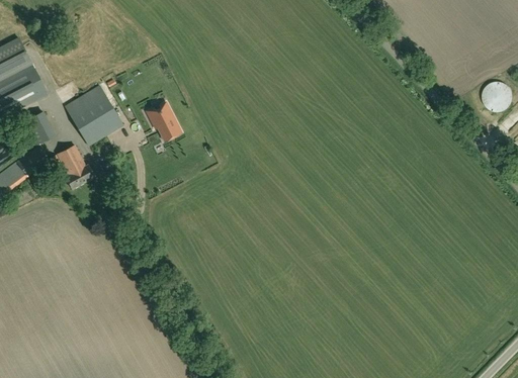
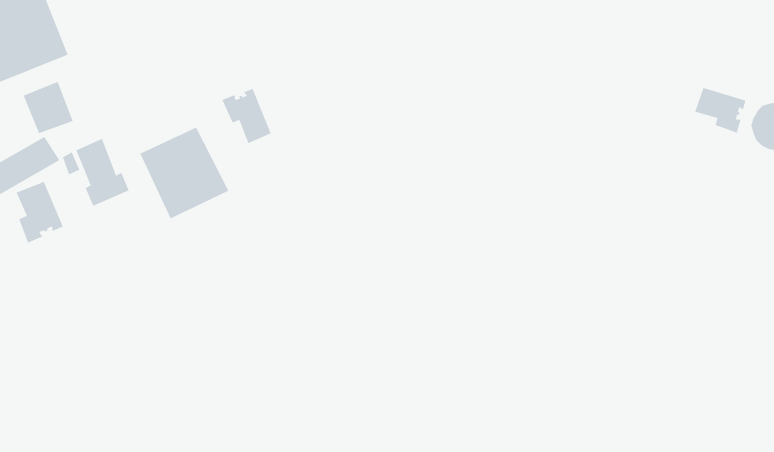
building: none -> [695,87,746,133]
building: [64,85,122,145] -> [139,127,229,219]
building: none -> [16,181,64,244]

